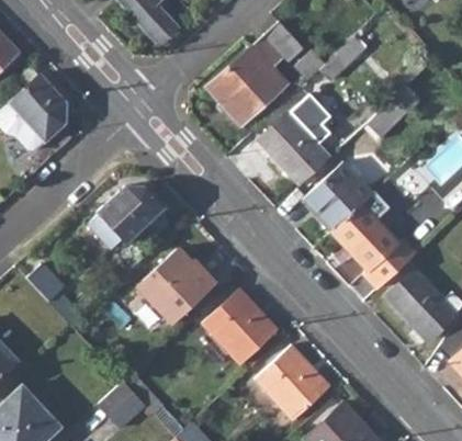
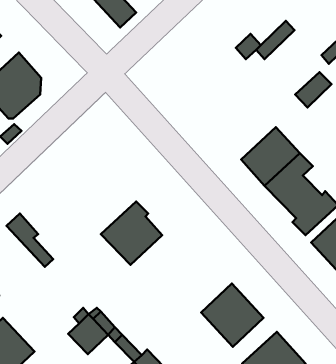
building: [209,21,305,124] -> none
building: [261,92,337,185] -> none
building: [88,184,162,249] -> none
building: [203,290,277,364] -> none

